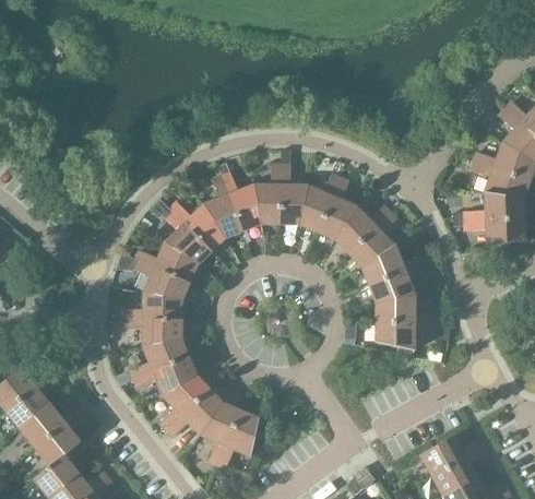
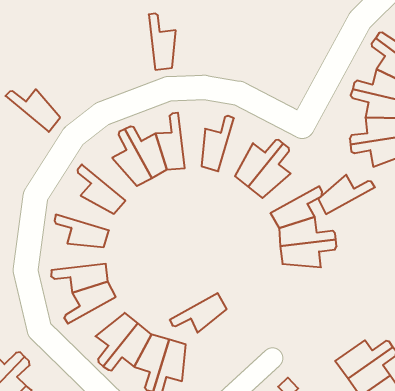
building: [281,164,308,225] -> [149,14,176,70]
building: [317,177,358,240] -> none
building: [169,203,226,252] -> [5,89,60,132]
building: [134,241,198,283] -> none
building: [361,245,425,285] -> [318,175,375,214]
building: [122,292,182,319] -> none
building: [133,356,197,396] -> [170,293,227,333]

